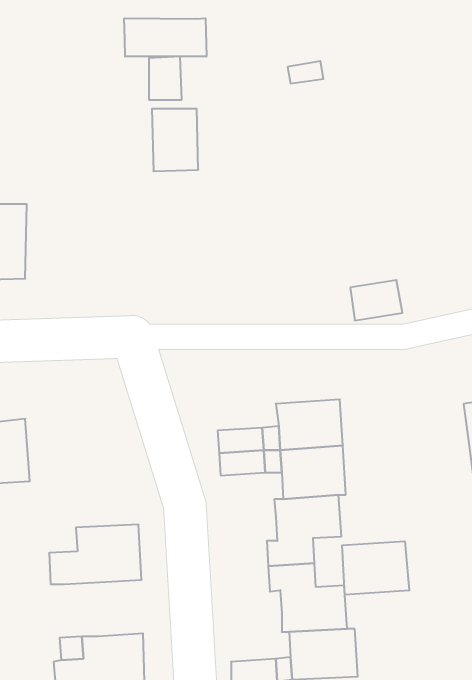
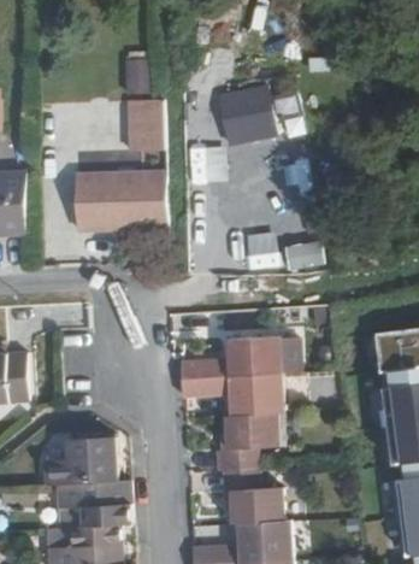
building: [124,18,206,57] -> none
building: none -> [219,84,277,142]
building: none -> [75,172,166,229]
building: [342,541,409,595] -> none
building: none -> [55,480,131,527]

